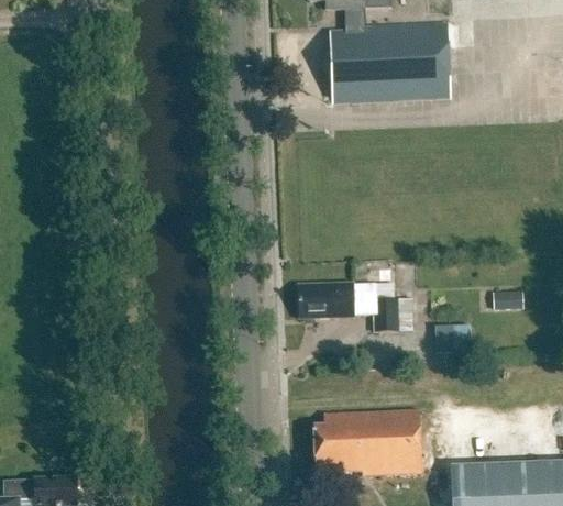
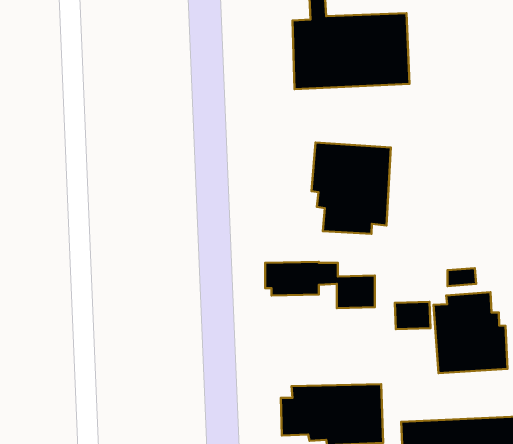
building: none -> [312,143,391,234]
building: none -> [434,292,508,373]

